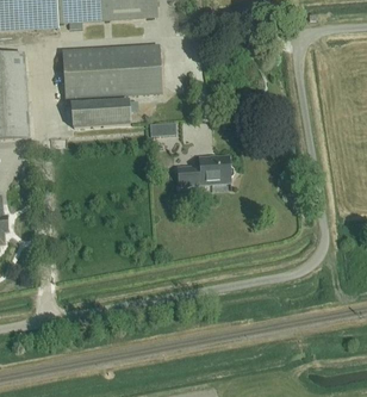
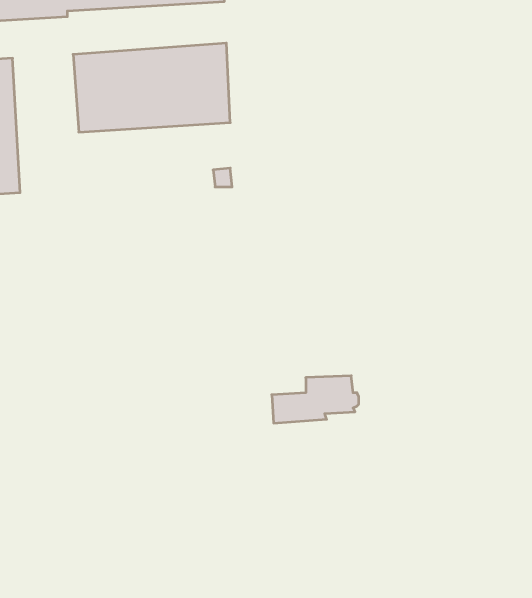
building: [70,100,130,126] -> none
building: [178,155,232,185] -> [272,376,359,423]

